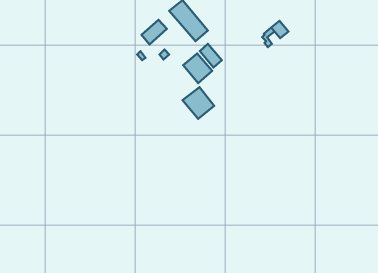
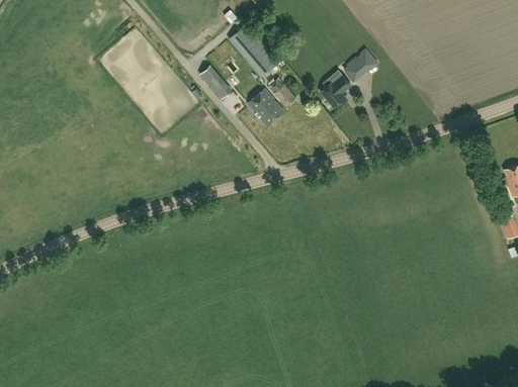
building: none -> [320,72,351,109]
building: [183,87,214,119] -> none

